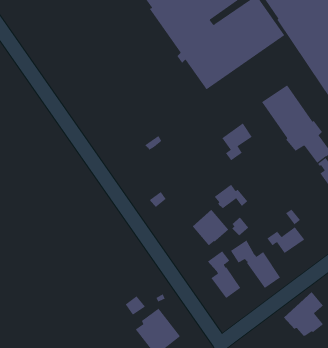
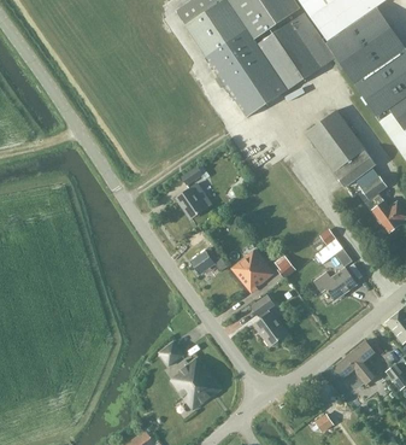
building: [222,122,253,161] -> none
building: none -> [175,181,210,218]
building: [214,184,248,209] -> [190,246,228,274]
building: [230,239,281,289] -> none

